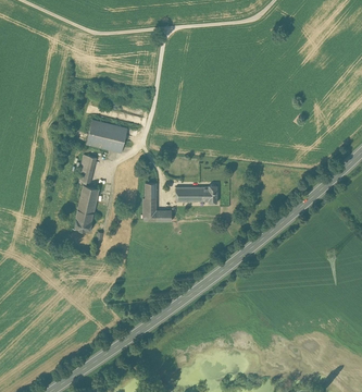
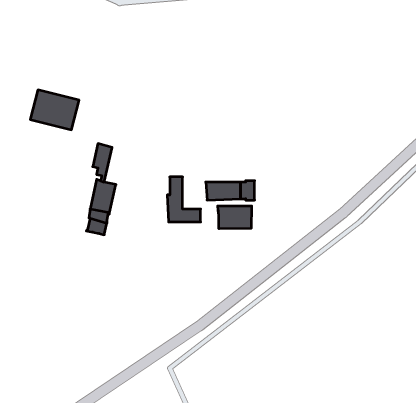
building: [86,119,127,152] -> [30,90,79,130]
building: none -> [218,206,252,229]

